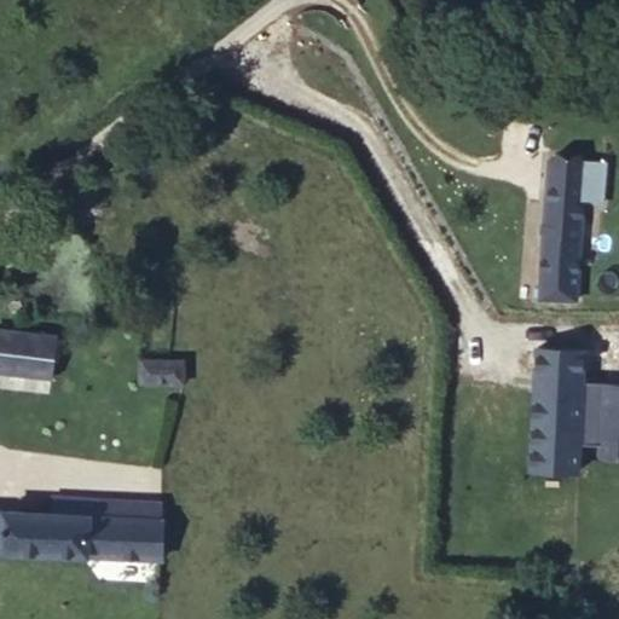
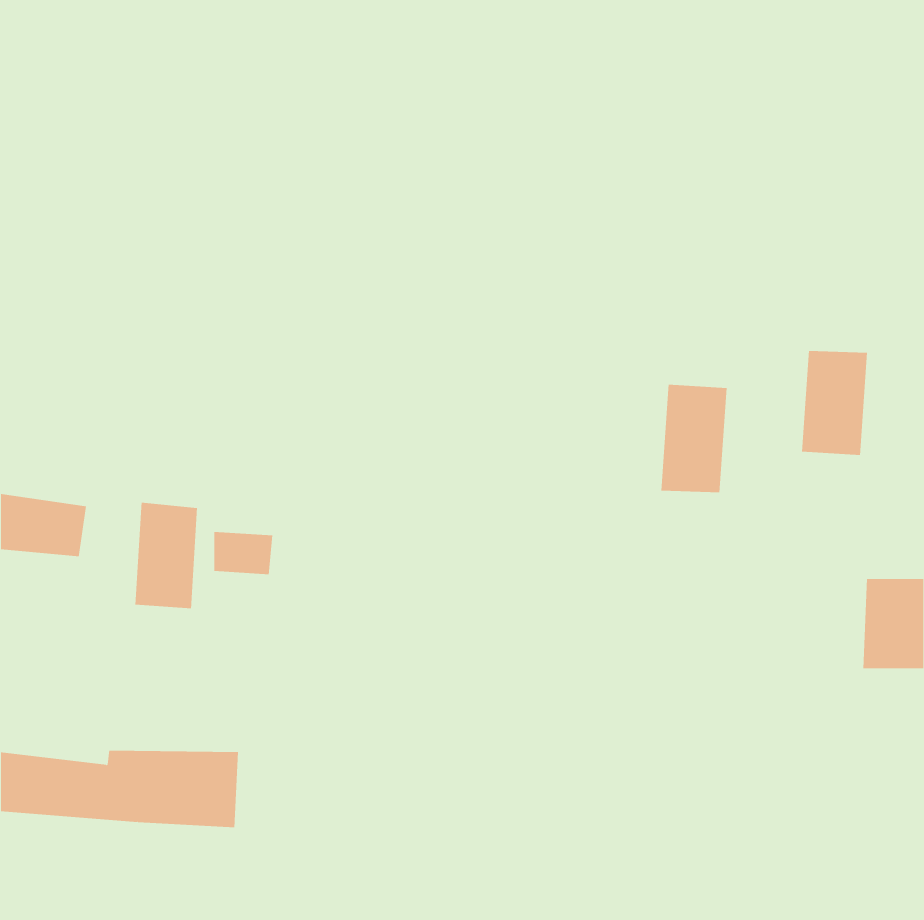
building: [540,166,585,238] -> [661,384,727,493]
building: none -> [135,502,198,609]
building: [531,354,580,478] -> none

